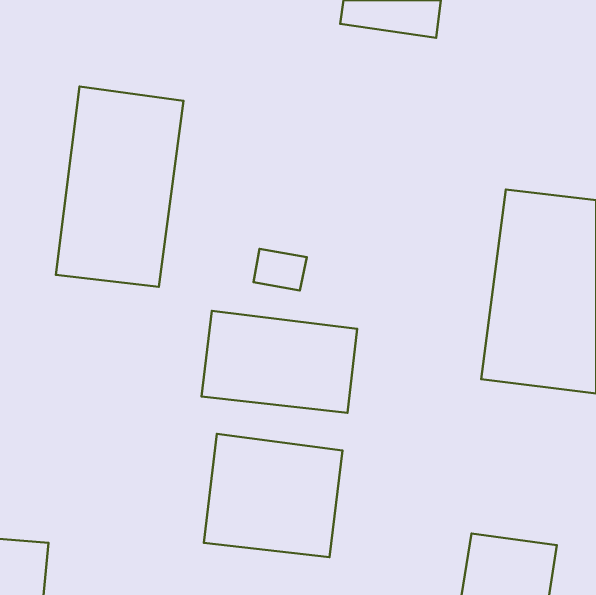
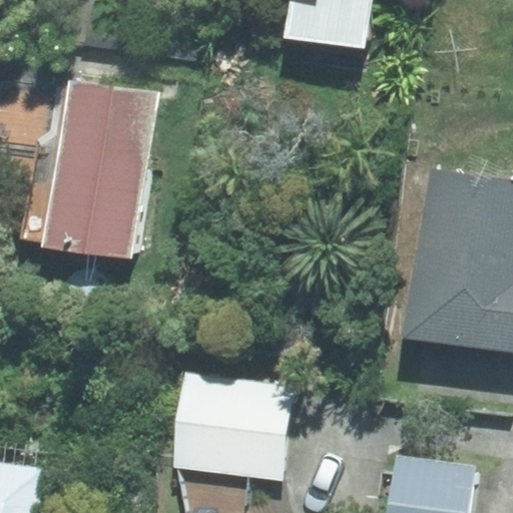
building: [202,311,357,413] -> none

